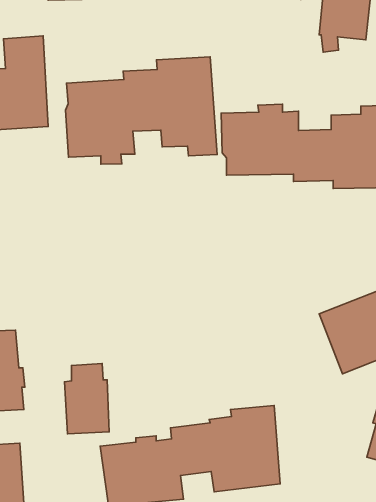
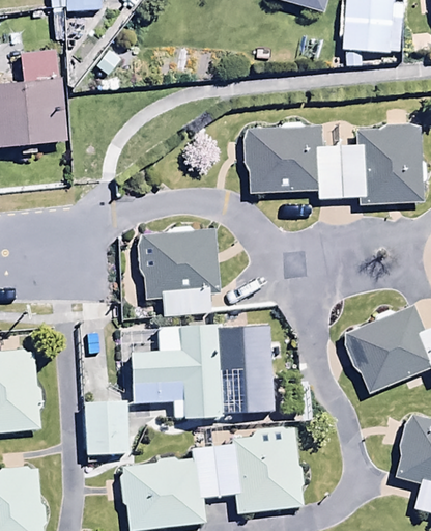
building: [65,57,217,164] -> none
building: none -> [138,228,221,316]
building: none -> [130,323,272,420]

